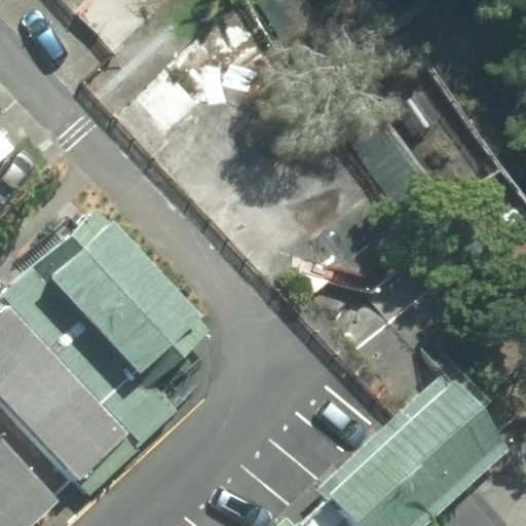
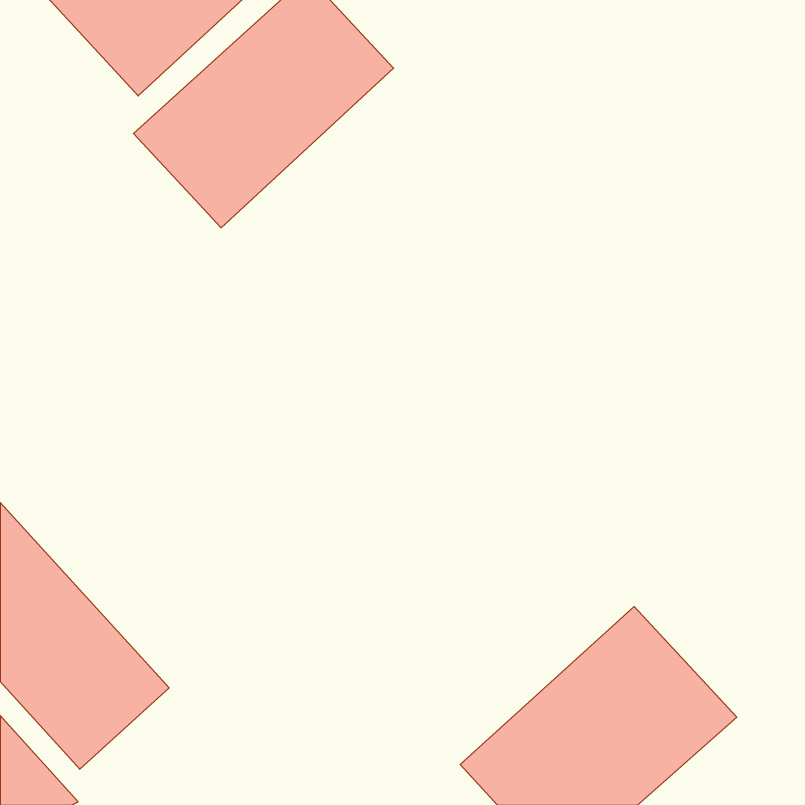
building: [36,211,211,390] -> none

